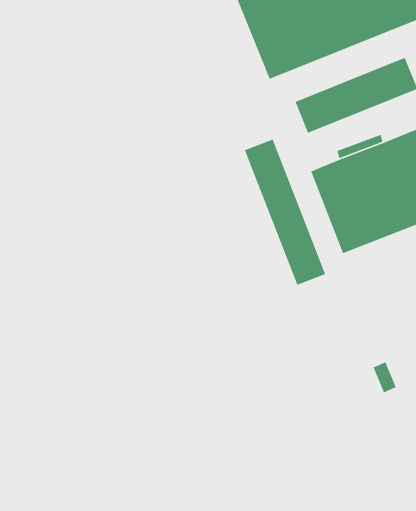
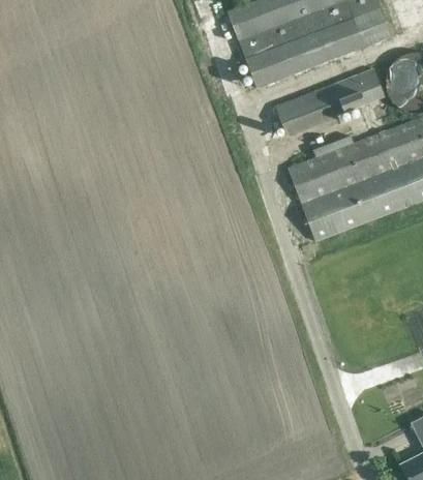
building: [244,138,326,286] -> none

